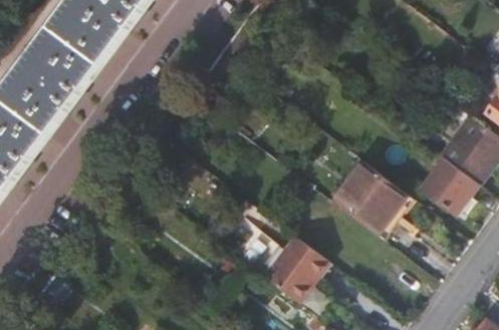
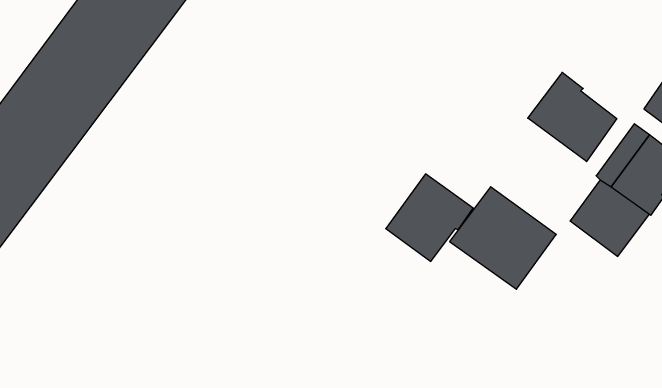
building: none -> [528,72,617,162]
building: [262,236,326,300] -> [386,174,473,261]

